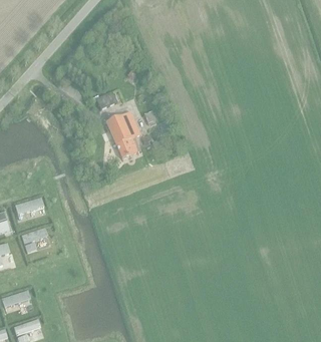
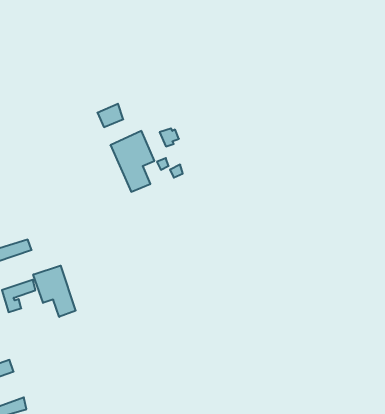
building: none -> [33,266,76,317]

